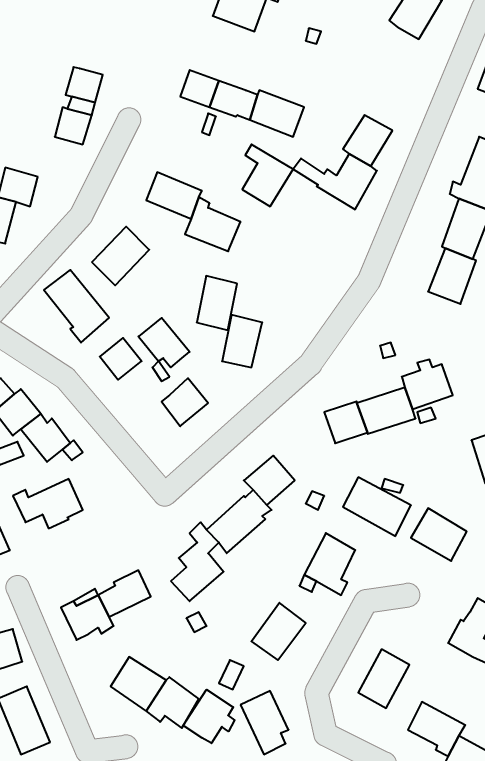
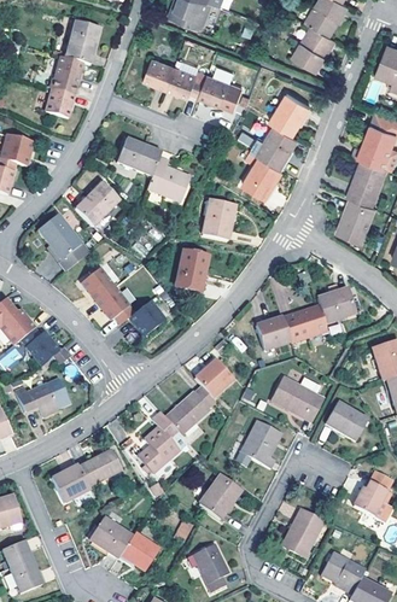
building: none -> [65,21,99,65]
building: none -> [293,25,335,70]
building: [242,144,293,206] -> [243,150,282,198]
building: [197,276,237,330] -> [203,198,234,240]
building: [138,318,190,367] -> [95,286,135,325]
building: [183,690,235,743] -> none

